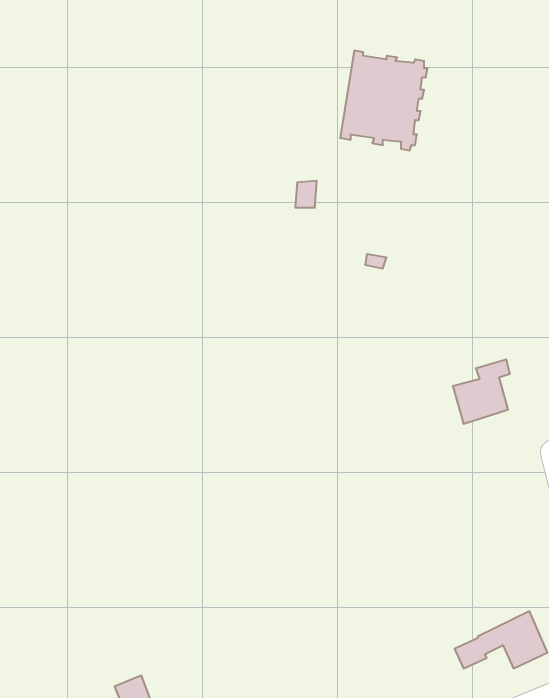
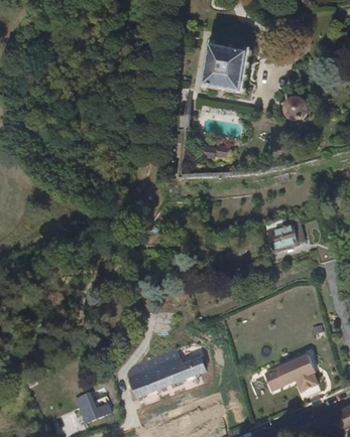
building: none -> [283,97,308,120]
building: none -> [129,355,206,398]

